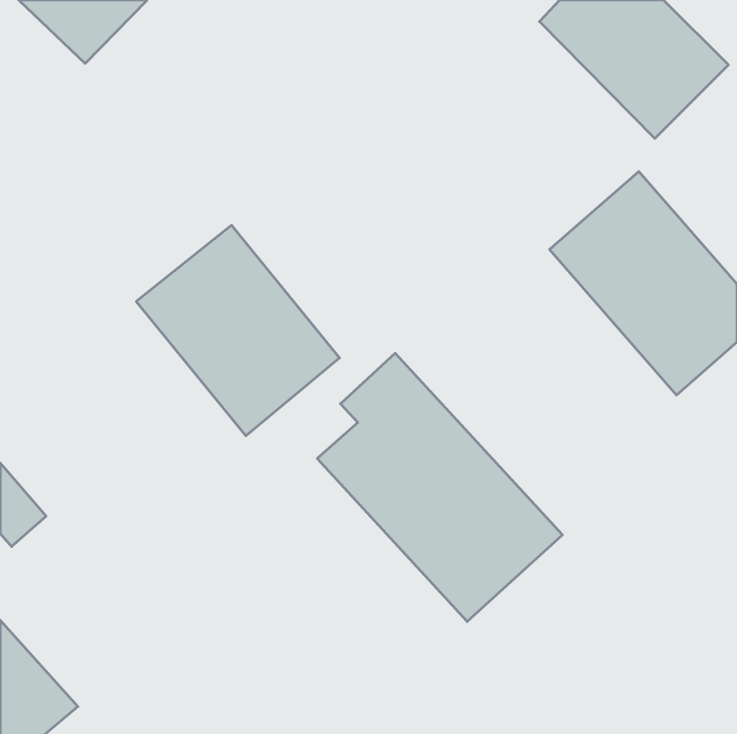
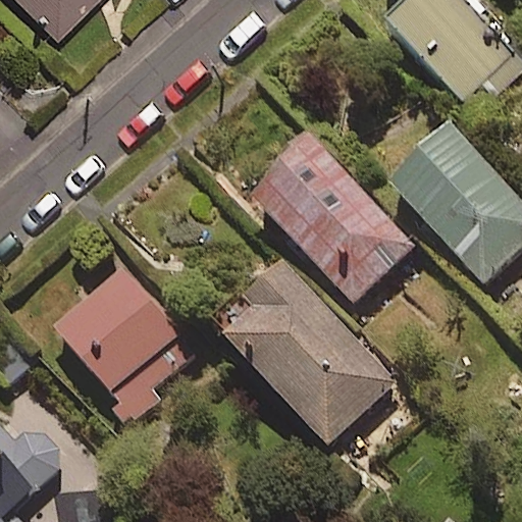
building: none -> [246,132,413,302]
building: [136,225,340,436] -> [55,267,199,416]

